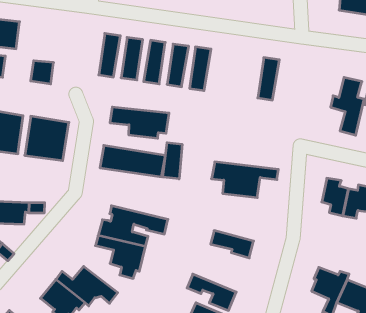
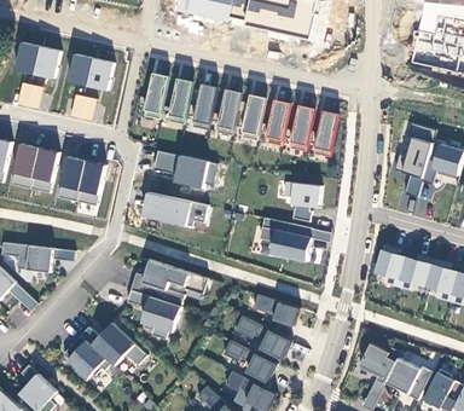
building: none -> [68,53,116,92]
building: none -> [266,98,292,146]
building: none -> [290,103,318,151]
building: none -> [282,181,323,208]
building: [163,143,182,179] -> none
building: none -> [234,316,292,360]

